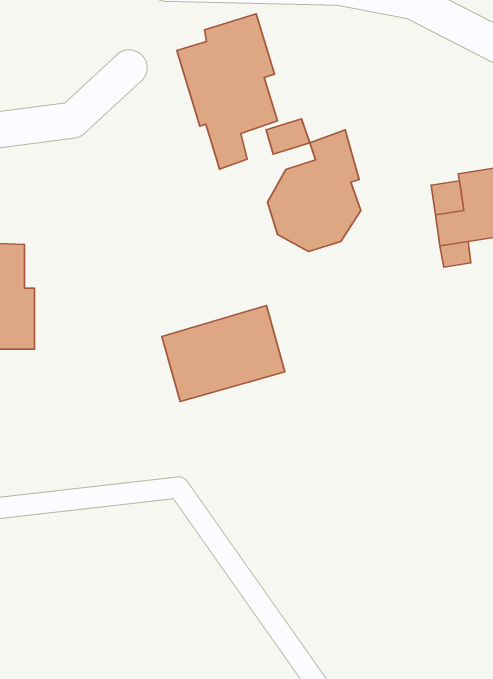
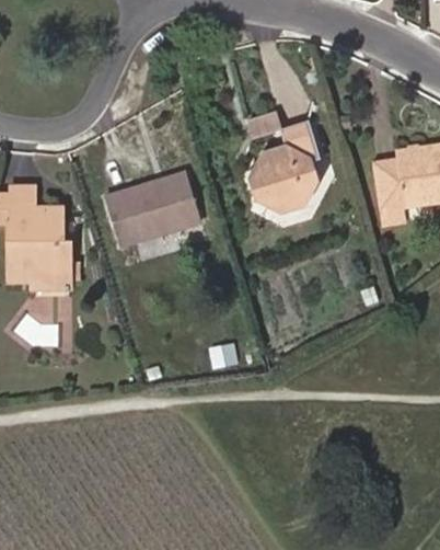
building: [177,14,277,169] -> none
building: [162,305,285,401] -> [105,172,200,247]

